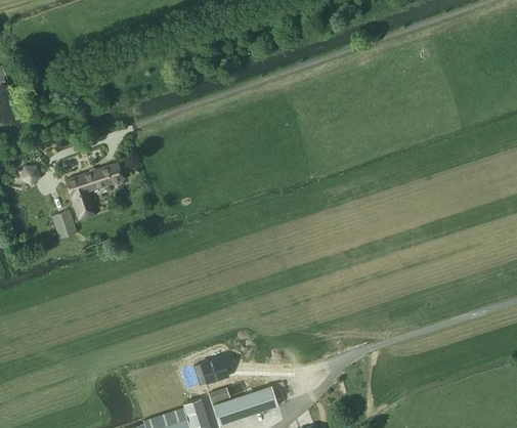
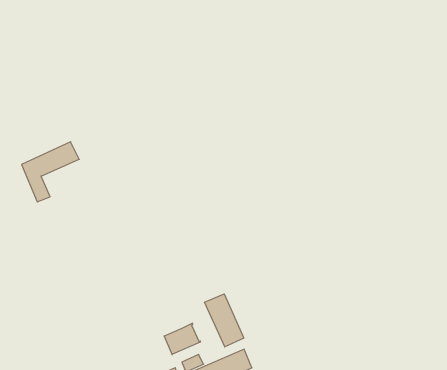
building: [52,210,77,238] -> none
building: none -> [205,294,244,347]

